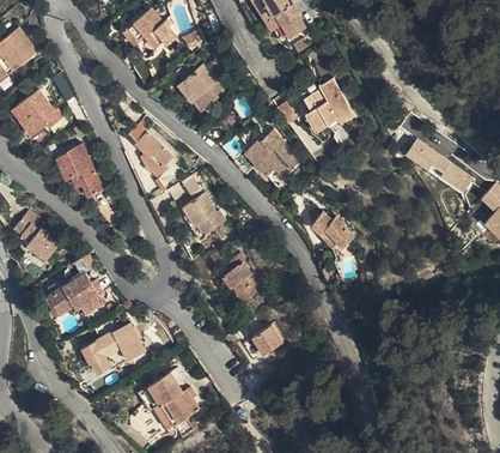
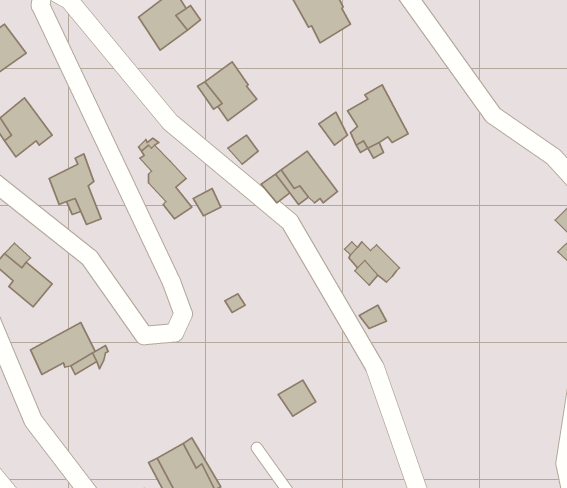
building: [403,131,471,185] -> none
building: [178,192,220,240] -> none
building: [220,255,252,302] -> none
building: [77,326,142,375] -> none

